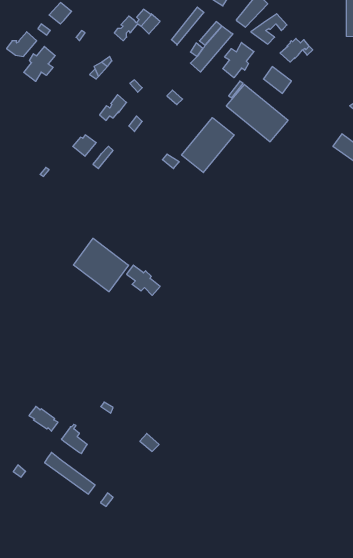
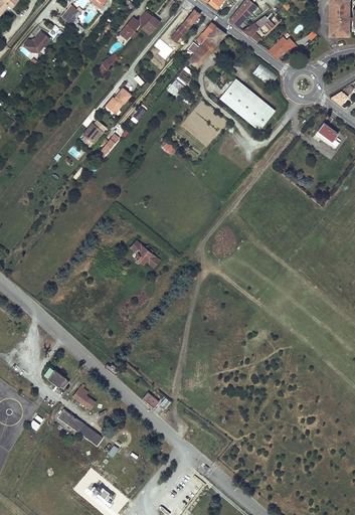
building: [223,42,254,78] -> none
building: [24,46,55,81] -> none
building: [182,118,234,173] -> none
building: [73,238,129,292] -> none

